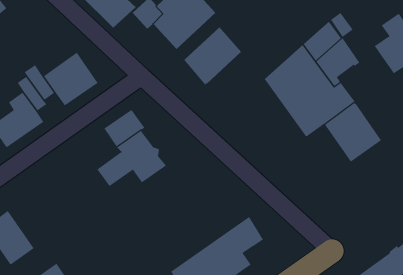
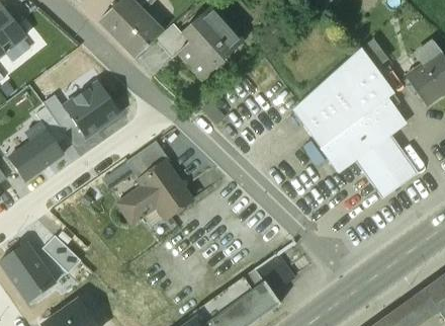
building: [184,27,242,86] -> none
building: none -> [369,95,405,135]
building: none -> [43,238,80,273]

